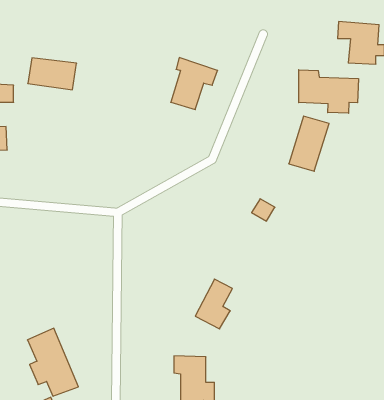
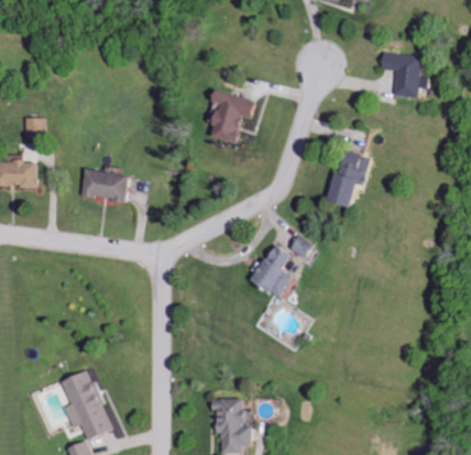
building: [28,58,77,90] -> [80,168,131,201]
building: [299,70,358,113] -> none
building: [195,279,232,329] -> [252,243,291,295]

